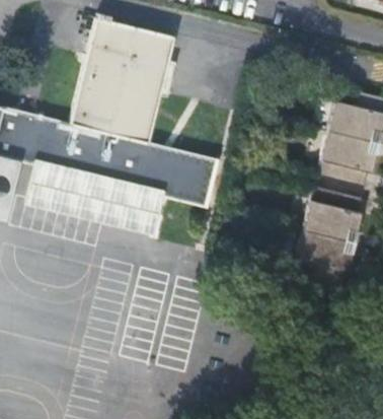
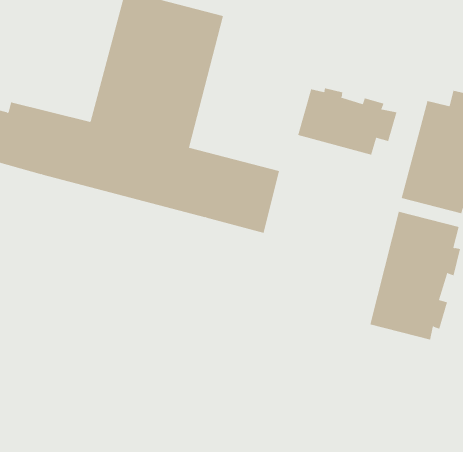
building: none -> [298,87,397,155]
building: [24,163,161,234] -> none

